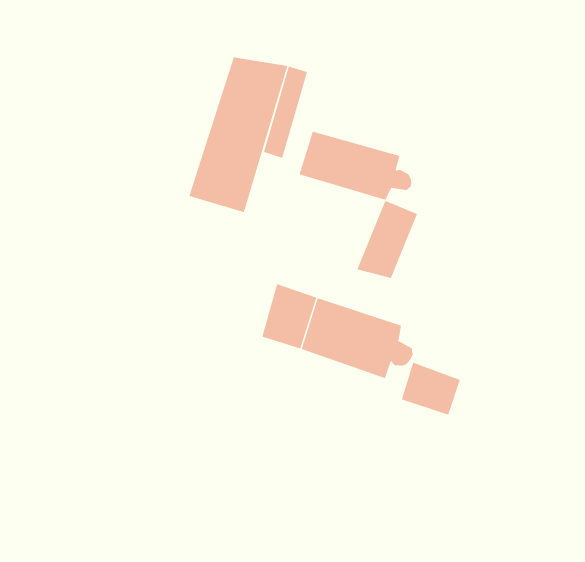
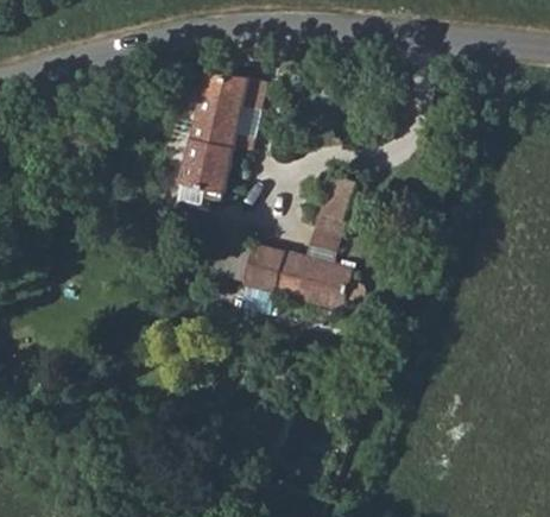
building: [299,131,412,201] -> none
building: [401,362,461,415] -> none

